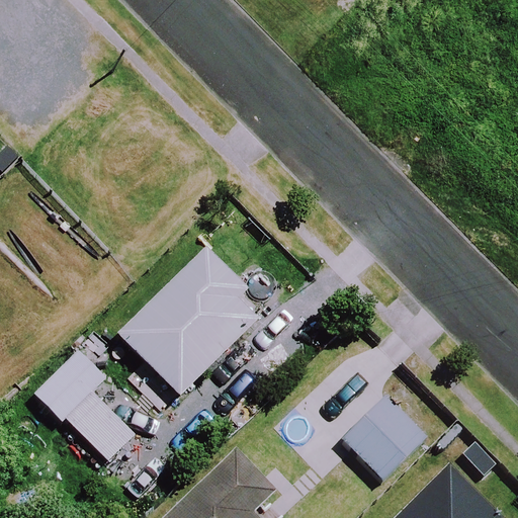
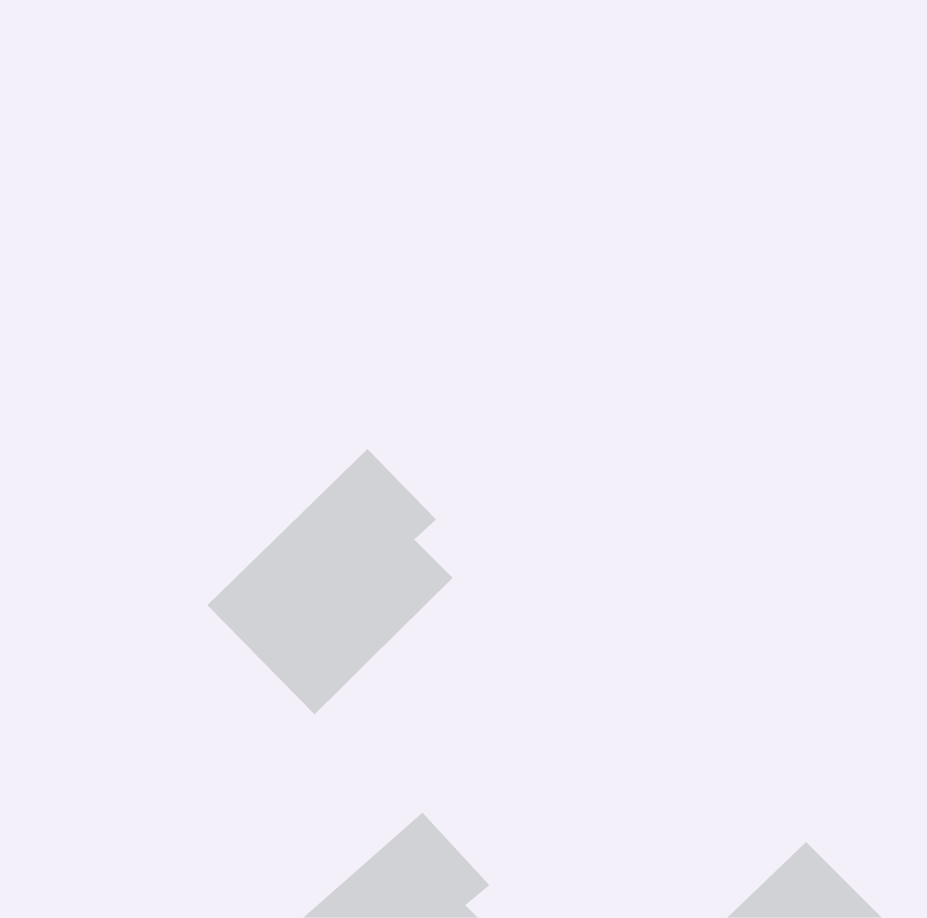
building: [34,351,134,459] -> none
building: [344,395,429,480] -> none

